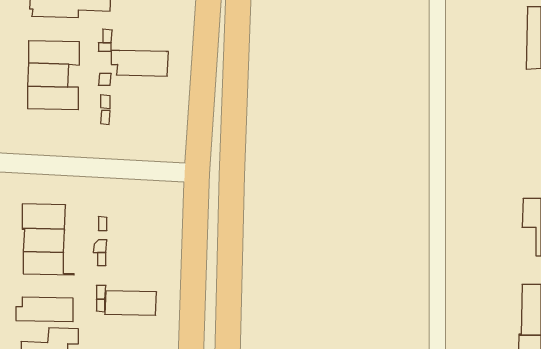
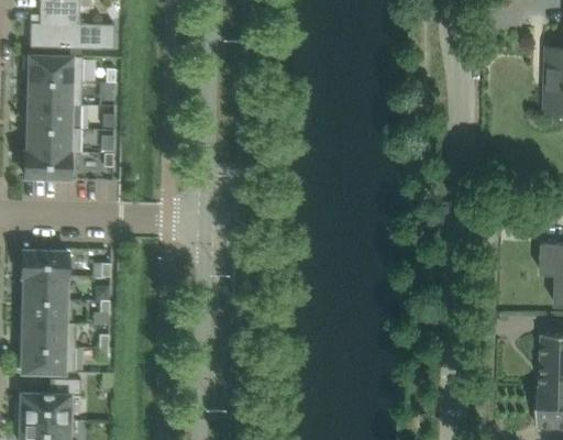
building: [111,51,168,76] -> [24,55,84,81]
building: none -> [25,151,81,177]
building: [105,291,157,315] -> [23,322,77,348]

